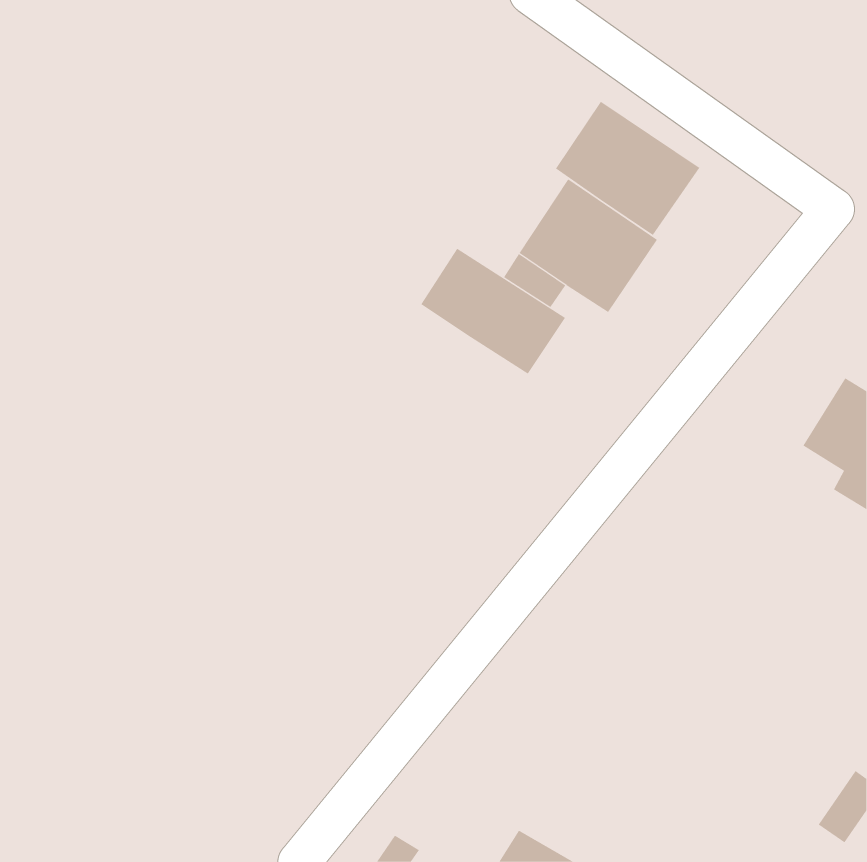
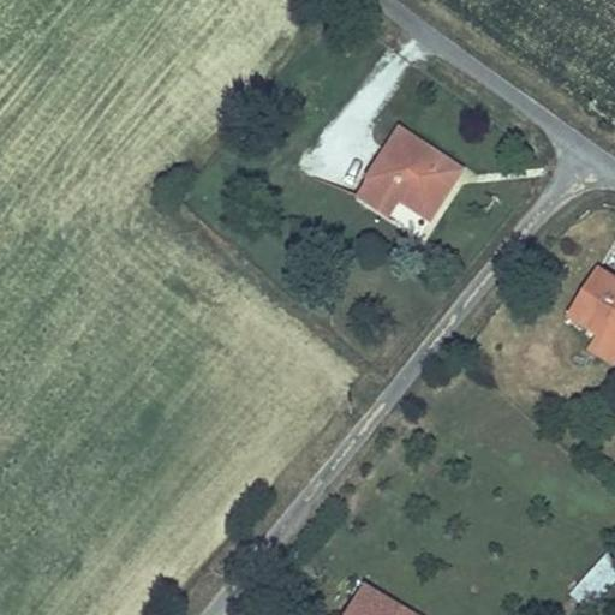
building: [555,101,700,236] -> none
building: [421,248,566,375] -> none

